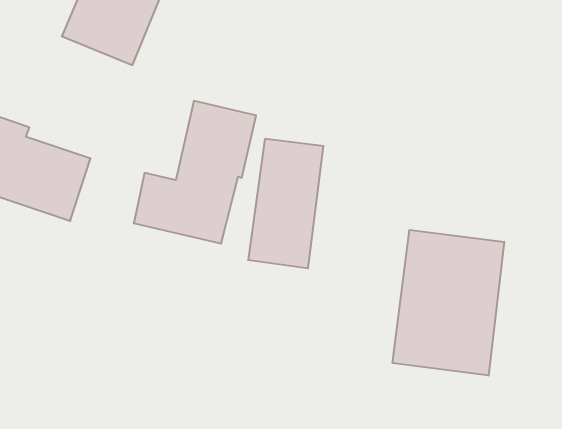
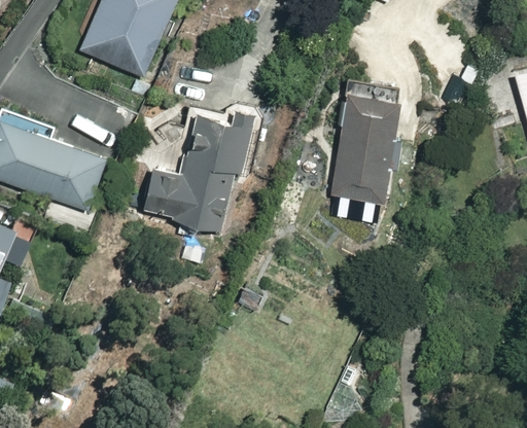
building: [248,139,324,268] -> [331,94,396,205]
building: [393,230,504,376] -> none

